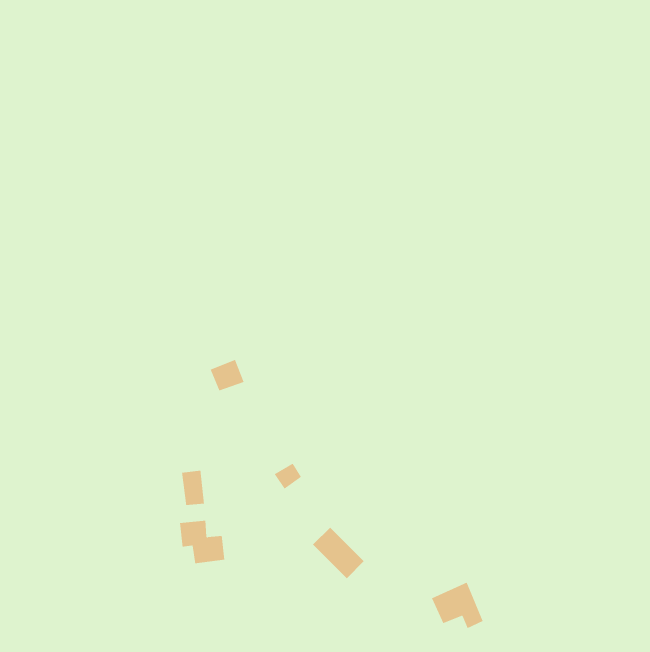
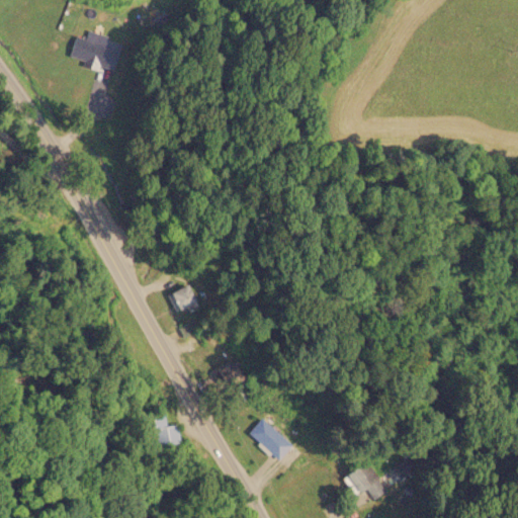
building: none -> [70,30,123,73]
building: [181,470,205,506] -> none

